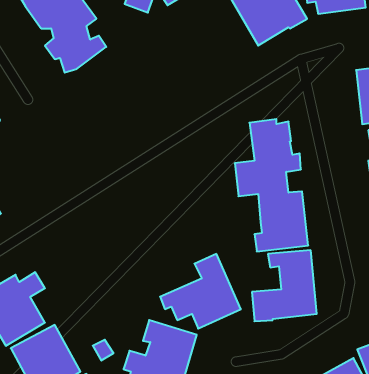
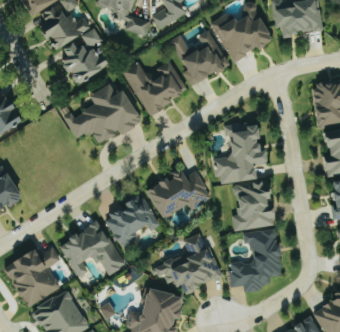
building: none -> [169,29,228,86]
building: none -> [123,60,187,115]
building: none -> [63,84,142,143]
building: none -> [145,170,211,219]
building: none -> [103,193,158,245]
building: none -> [58,221,124,277]

